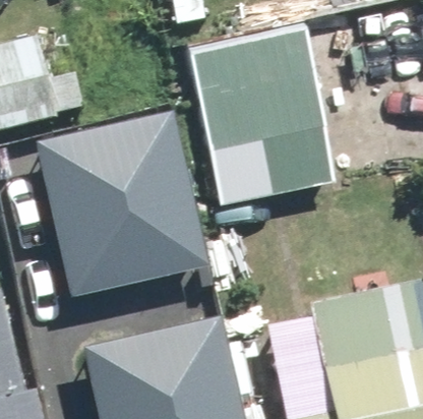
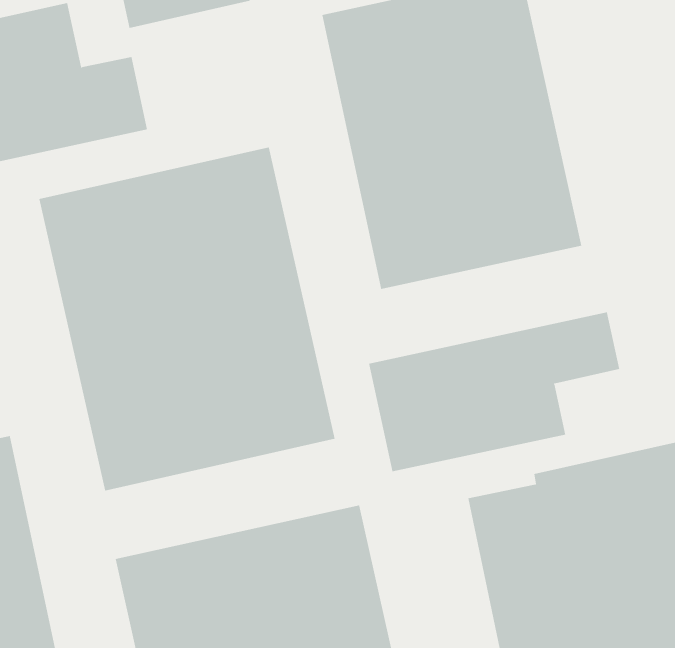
building: none -> [368,312,620,472]

